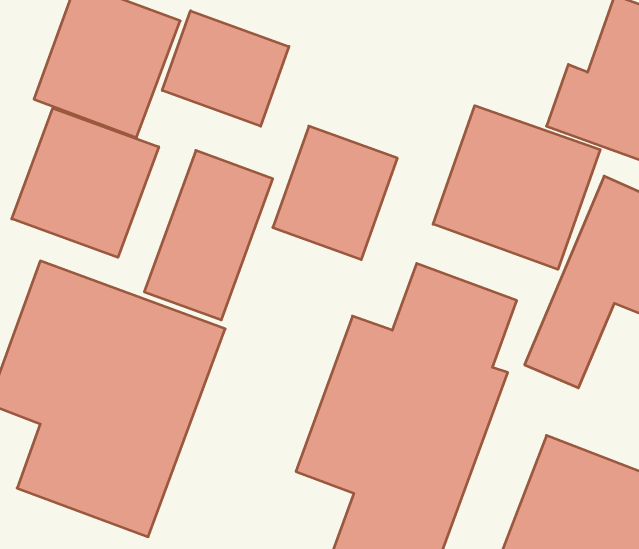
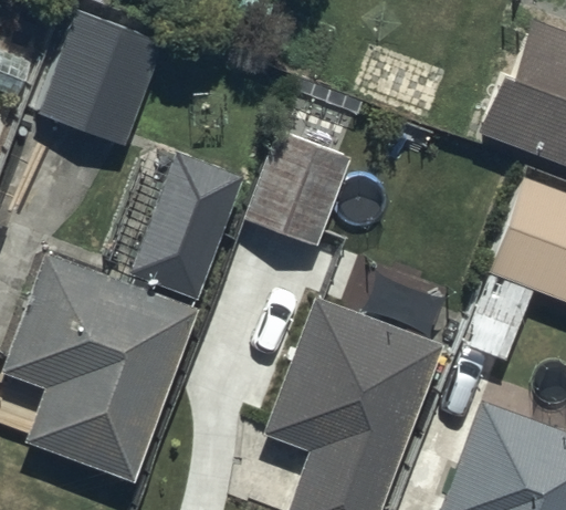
building: [162,11,289,126] -> none
building: [433,106,600,269] -> none
building: [12,108,159,257] -> none

